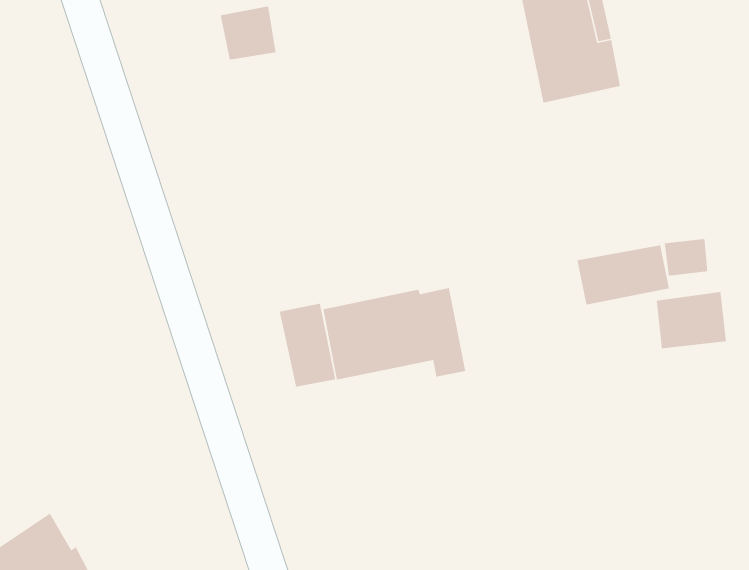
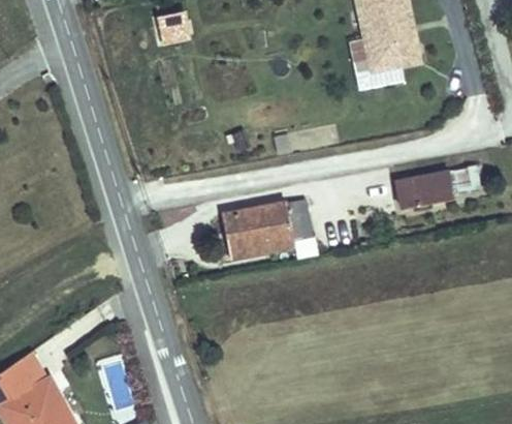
building: [656,291,727,349] -> none
building: [279,303,336,388] -> none

